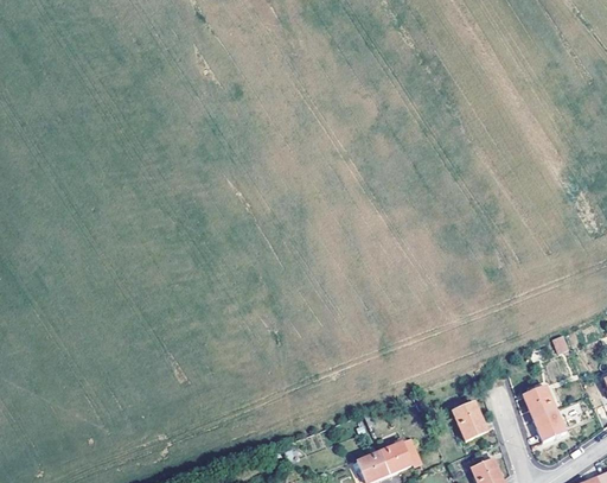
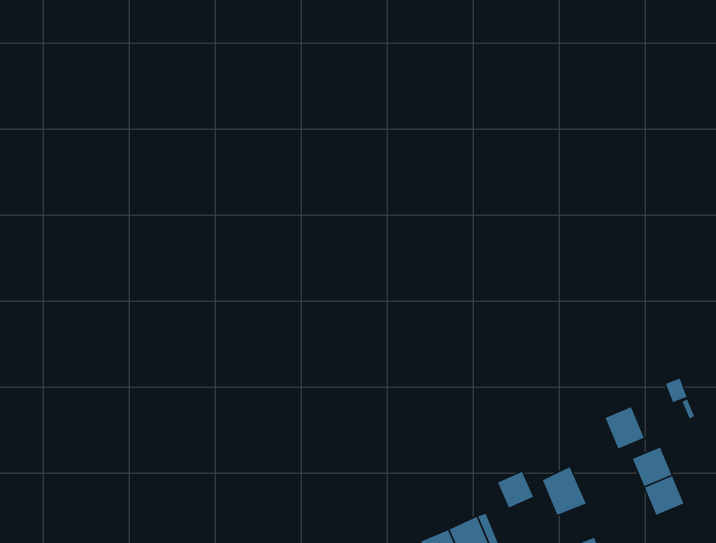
building: none -> [604,406,645,450]
building: none -> [497,471,534,509]

